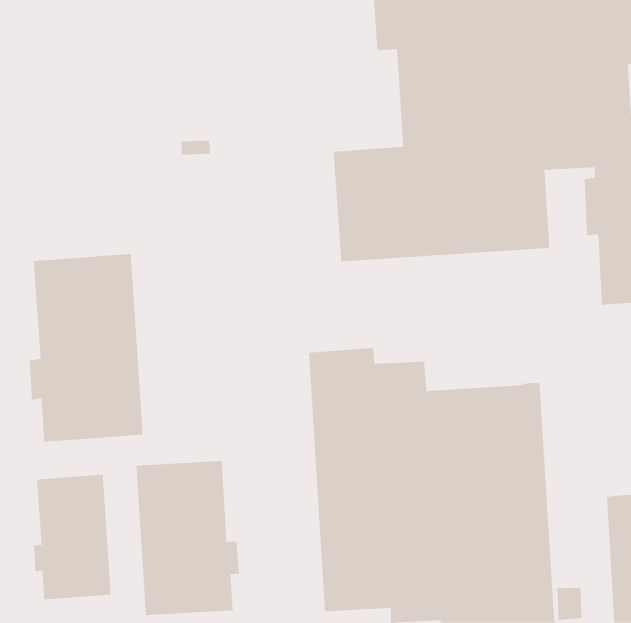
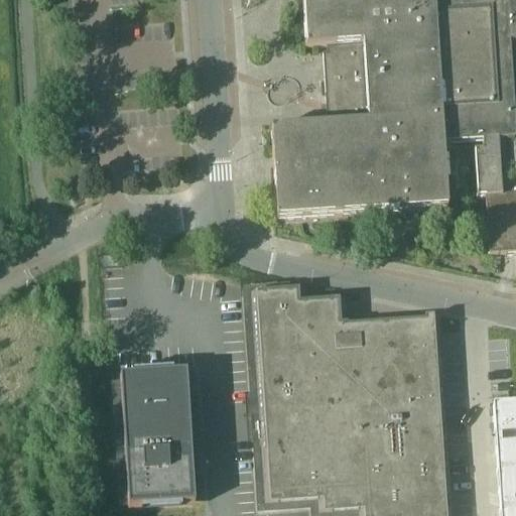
building: [29,253,143,443] -> none
building: [34,474,111,600] -> none

